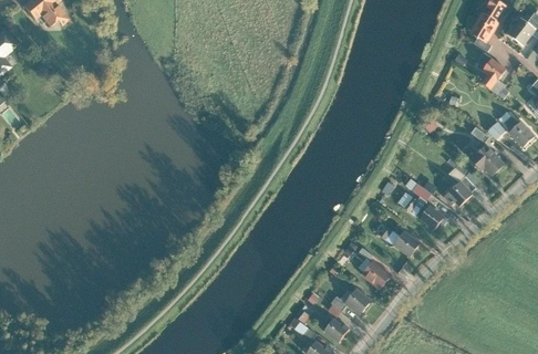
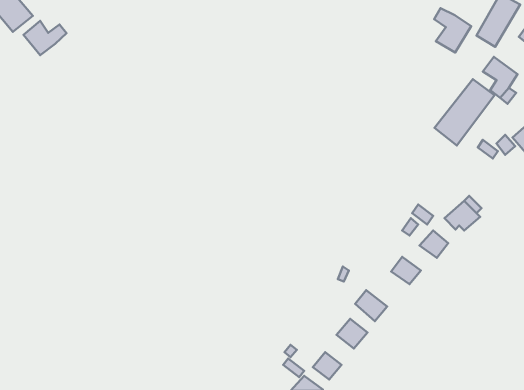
building: none -> [434,8,471,53]
building: none -> [23,21,67,55]
building: none -> [434,79,494,145]
building: [469,145,505,176] -> none

